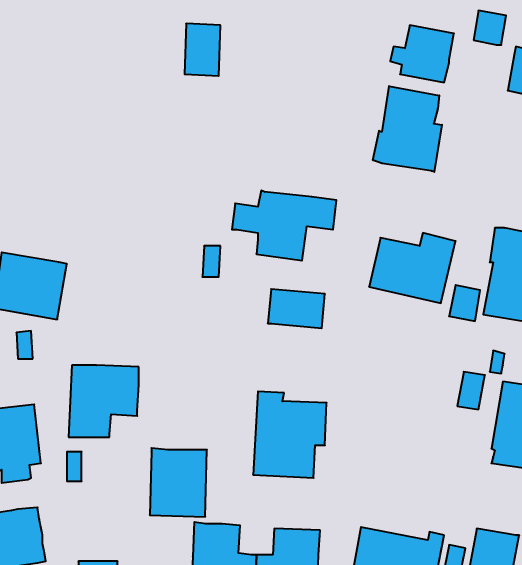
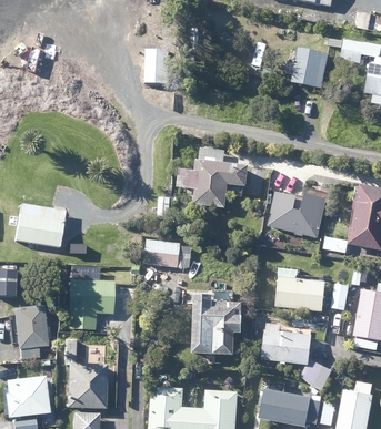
building: [373,86,442,172] -> none
building: [268,289,325,328] -> [144,238,183,265]
building: none -> [275,267,325,310]
building: none -> [261,323,332,389]
building: [150,448,207,517] -> [67,361,106,408]

